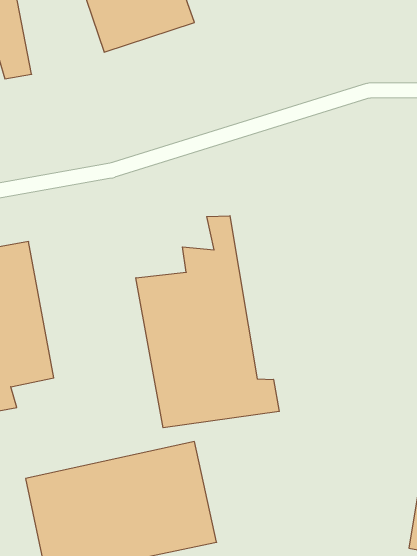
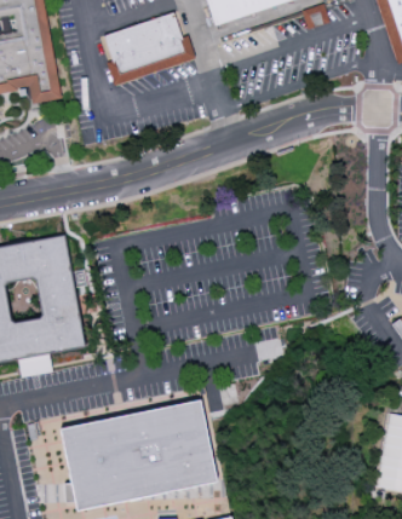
building: [136,216,279,428] -> none

